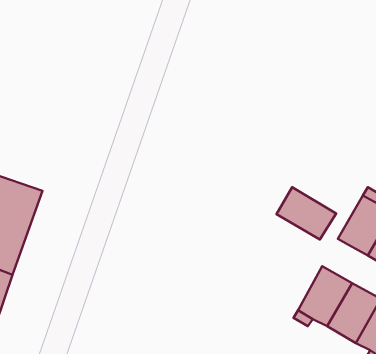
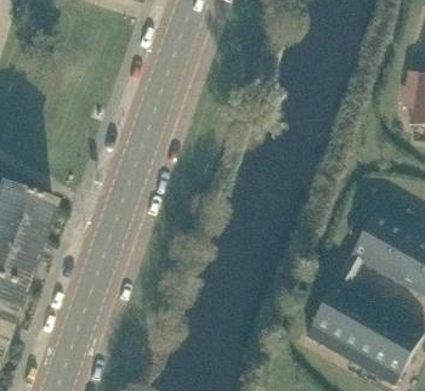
building: [276,187,336,239] -> none

